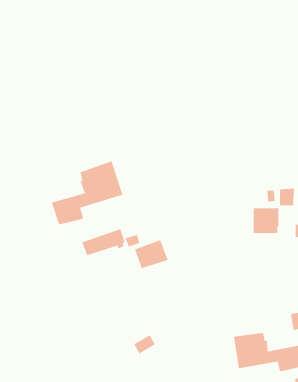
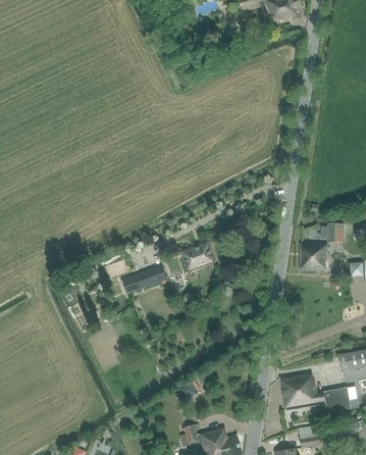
building: [51,160,123,225] -> none
building: [134,239,169,269] -> [179,241,215,271]

